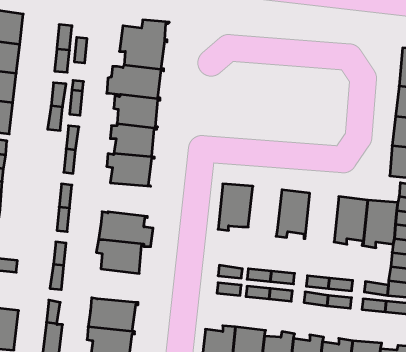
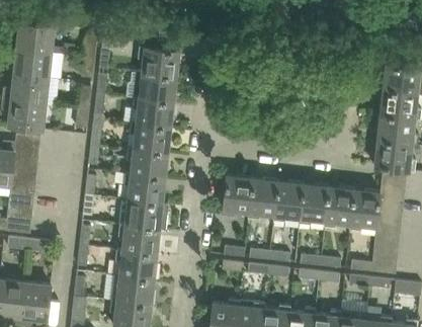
building: none -> [123,174,165,203]
building: none -> [249,177,279,219]
building: none -> [300,183,329,226]
building: none -> [115,249,157,278]

